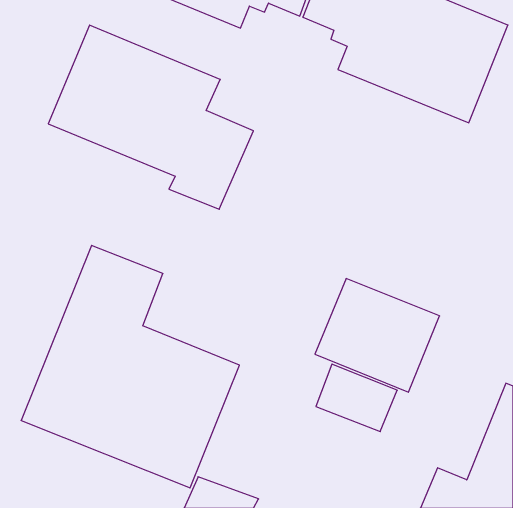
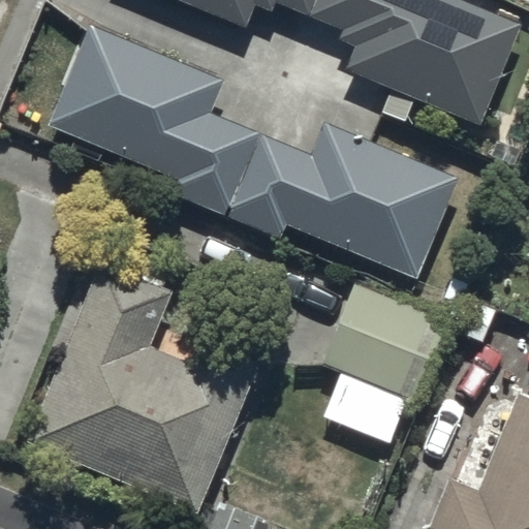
building: none -> [228,123,460,280]

